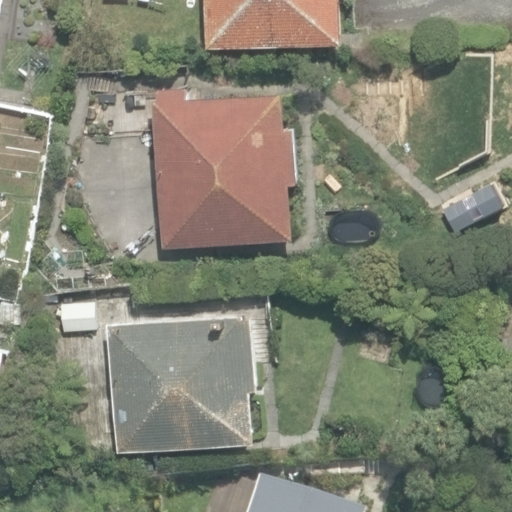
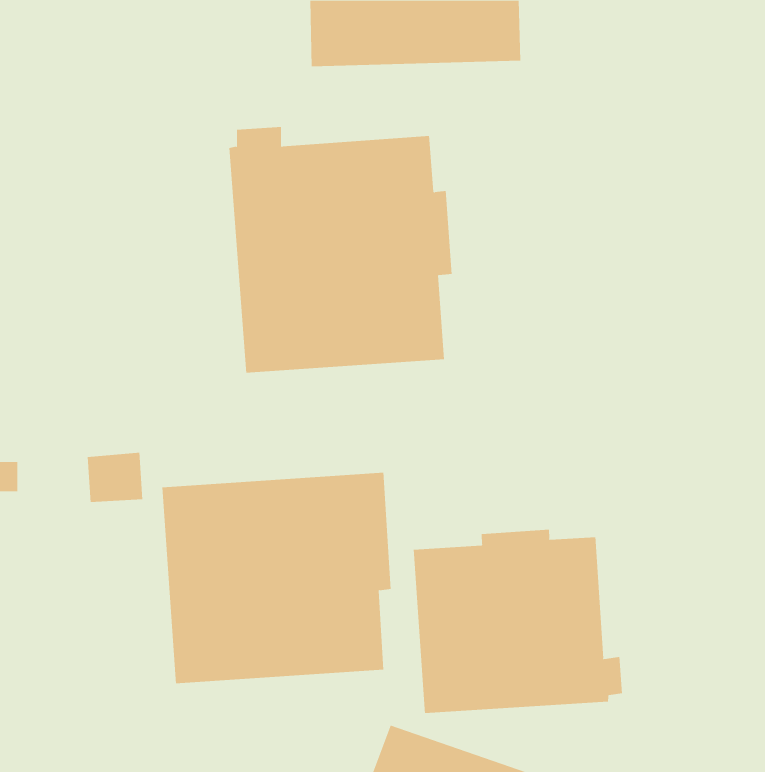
building: none -> [413,529,622,714]

